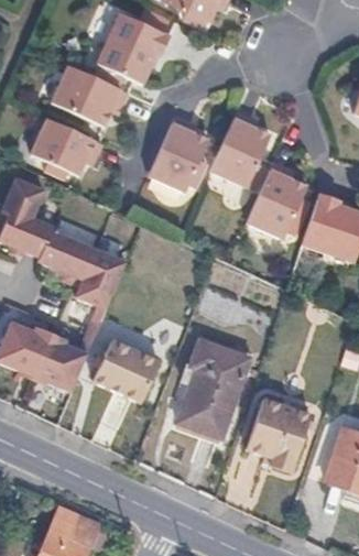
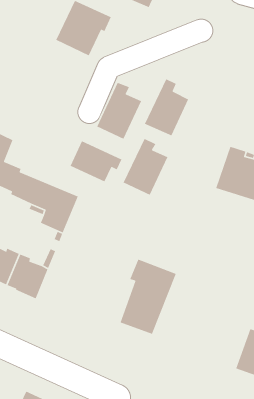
building: [54,67,127,126] -> none
building: [35,120,102,174] -> [69,140,122,183]
building: [244,162,303,236] -> [122,138,169,196]
building: [94,339,159,401] -> none
building: [246,400,308,465] -> none

